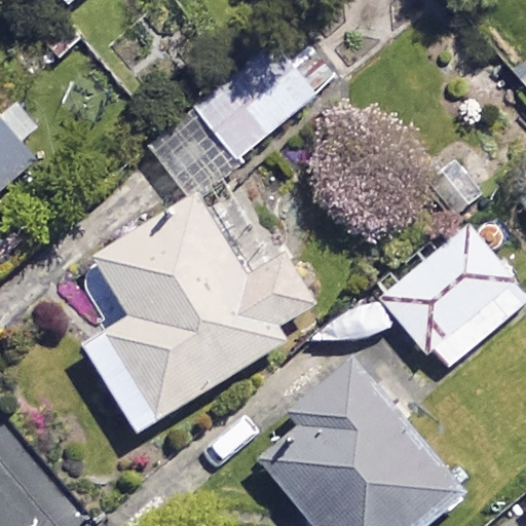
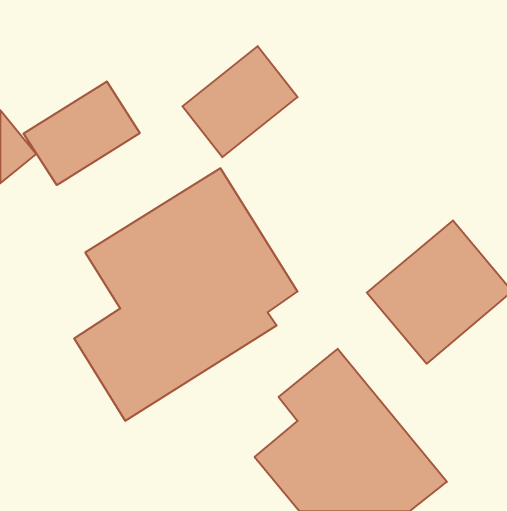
building: none -> [24,81,140,185]

